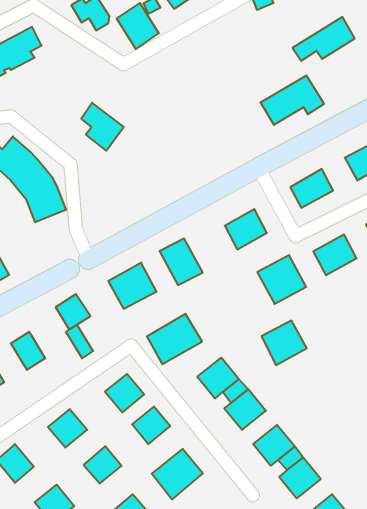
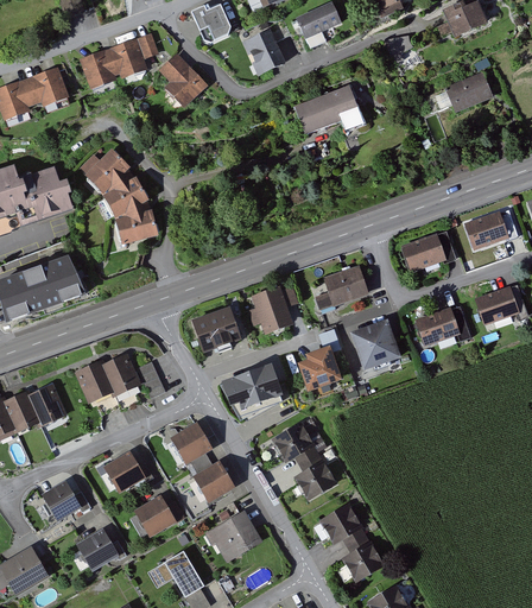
building: [260,76,324,125] -> [294,87,362,134]
building: [81,103,124,151] -> [162,55,205,108]
building: [56,294,90,330] -> [101,354,137,391]
building: [262,321,307,365] -> [296,346,342,391]

